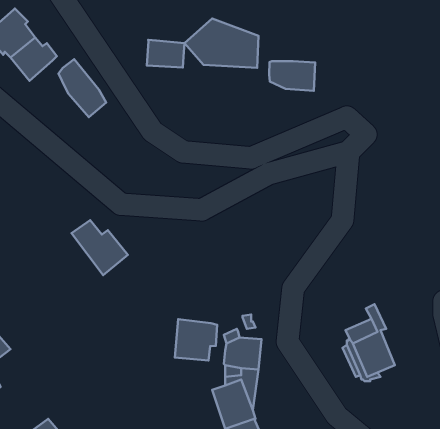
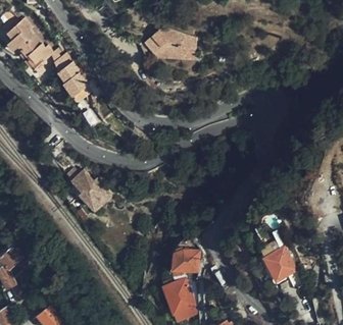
building: [147,40,185,67] -> none
building: [269,61,315,91] -> none
building: [175,319,217,361] -> none

